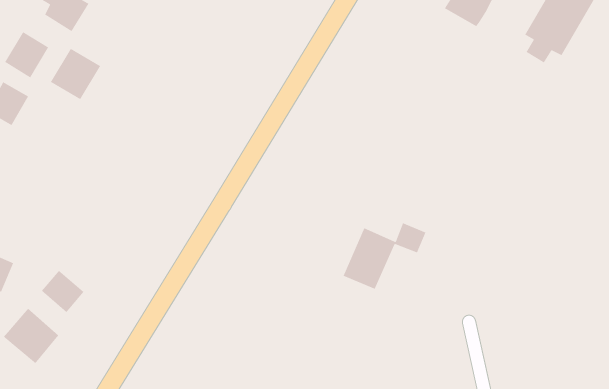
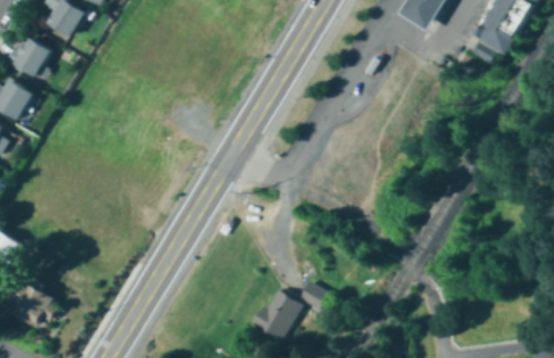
building: [50,48,101,100] -> none
building: [342,222,426,290] -> [255,281,329,341]
building: [41,270,84,313] -> none

